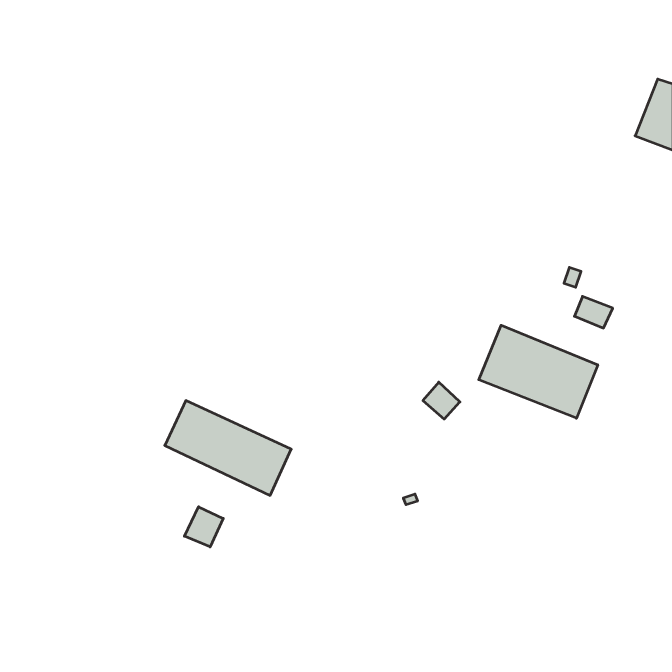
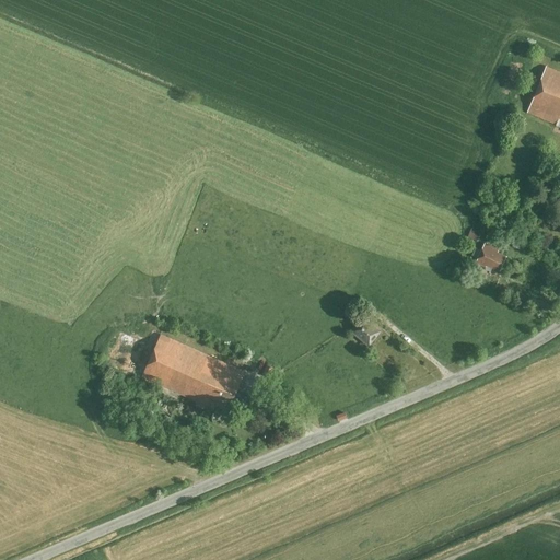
building: [479,325,598,418] -> none
building: [184,507,223,547] -> none

